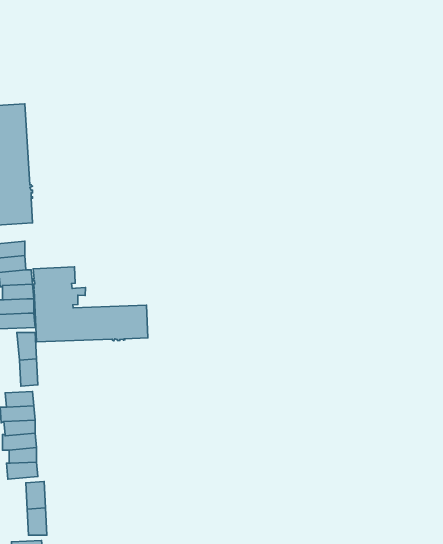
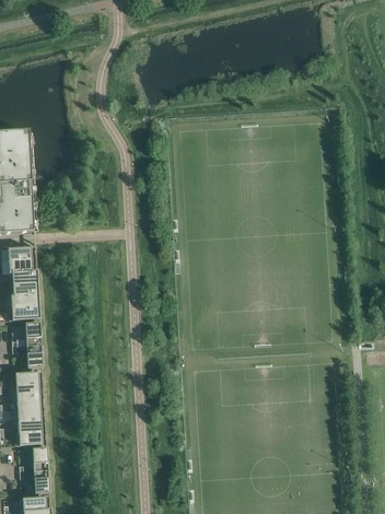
building: [33,267,148,342] -> none

